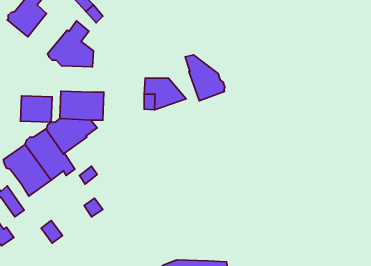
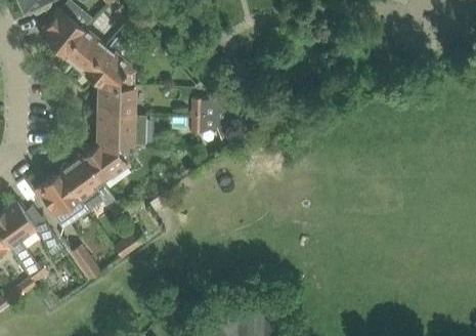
building: none -> [62,29,105,73]
building: [185,55,225,101] -> none
building: [20,96,52,122] -> [98,86,133,115]

